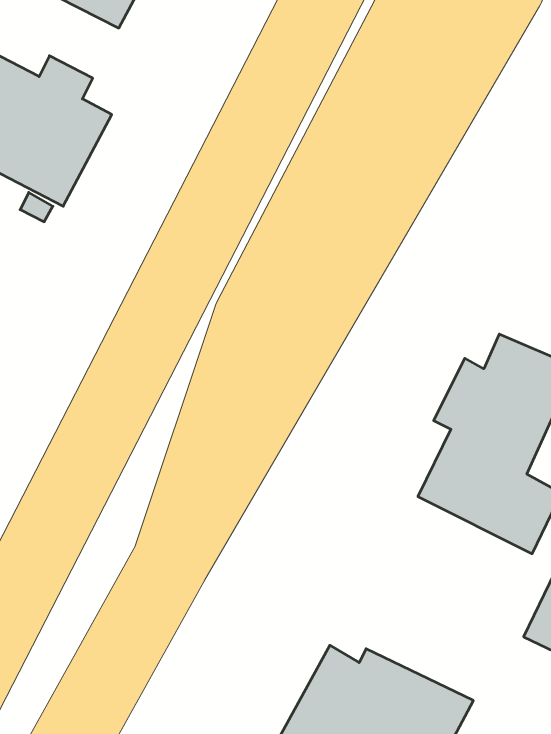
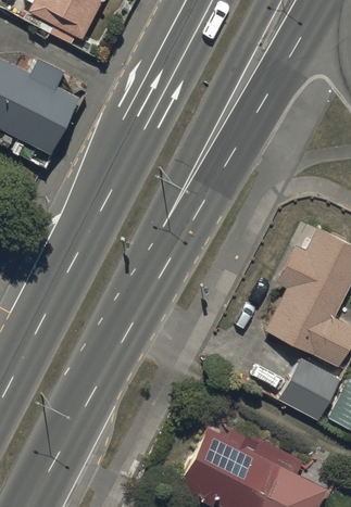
building: none -> [280,360,343,422]

